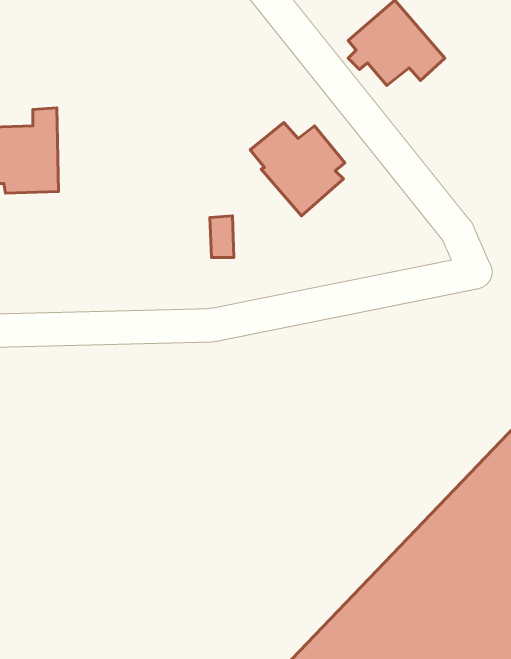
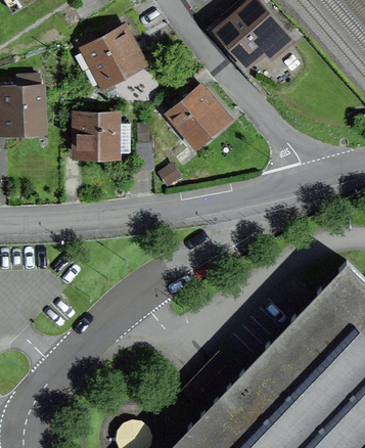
building: none -> [78,31,145,85]
building: none -> [74,120,130,158]

